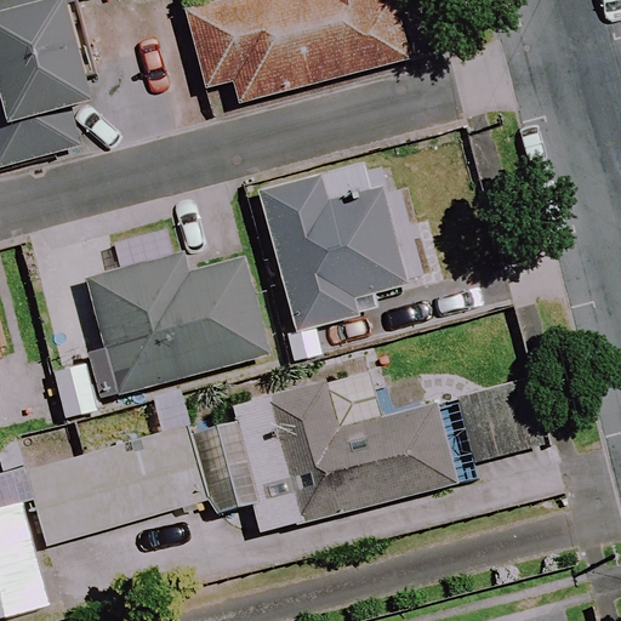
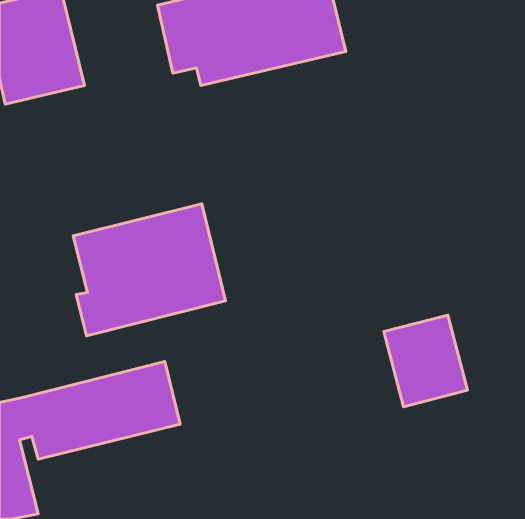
building: [256,152,438,331] -> none
building: [194,382,457,534] -> none

